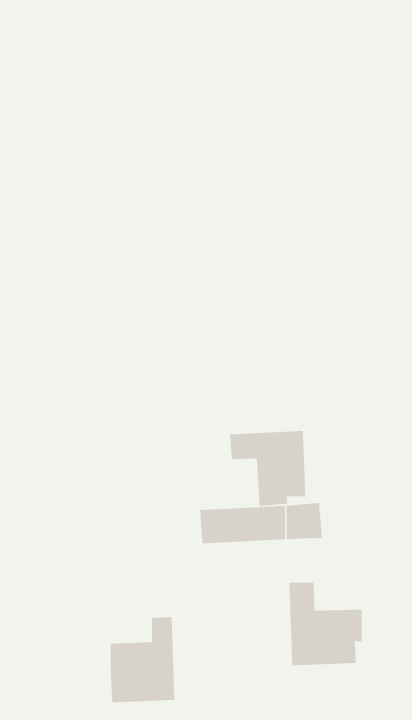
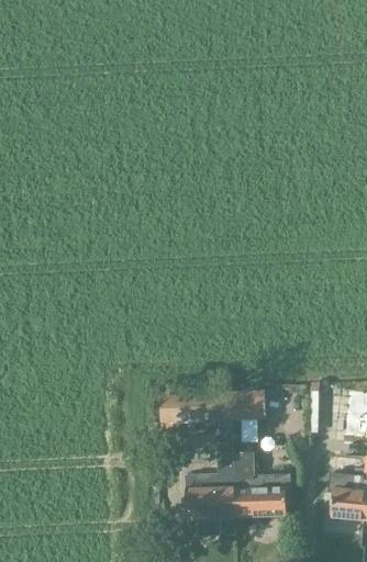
building: [229,430,306,507] -> none
building: [110,616,175,703] -> [186,452,236,519]

